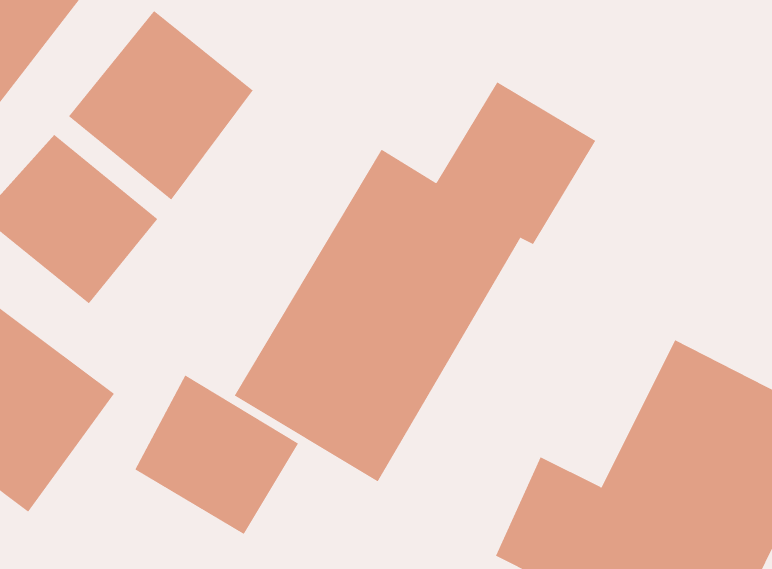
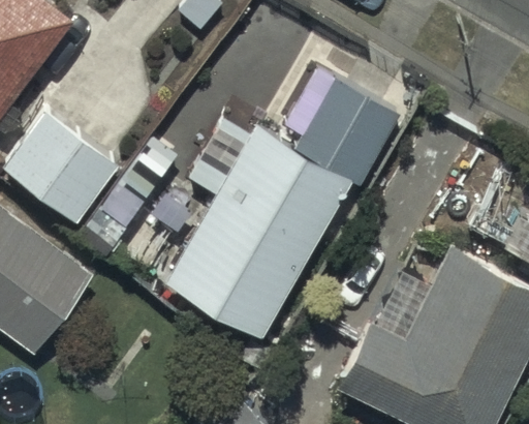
building: [68,10,254,200] -> none
building: [134,375,299,535] -> none

